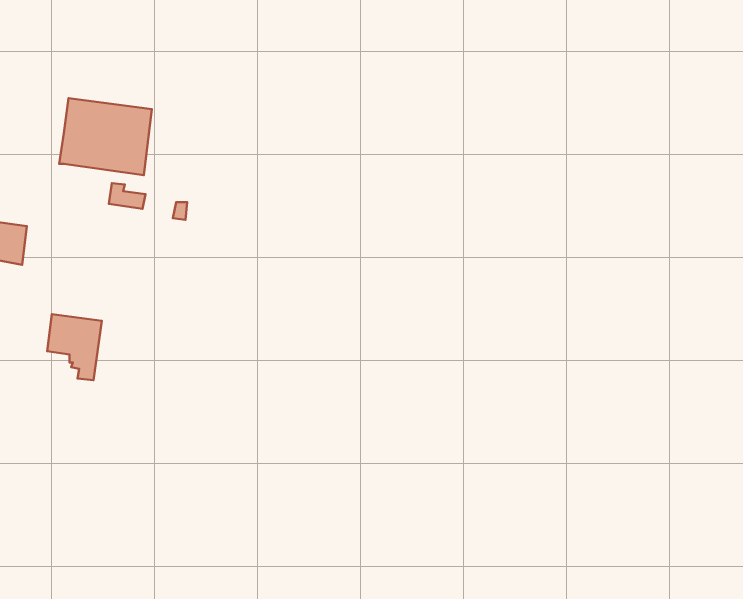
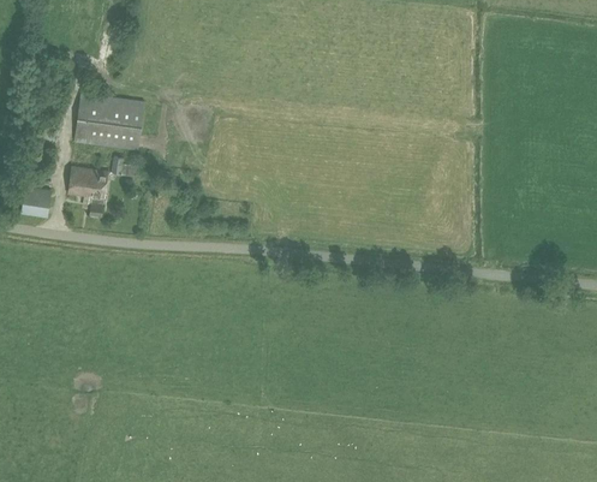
building: [47,314,102,380] -> [67,165,108,214]

